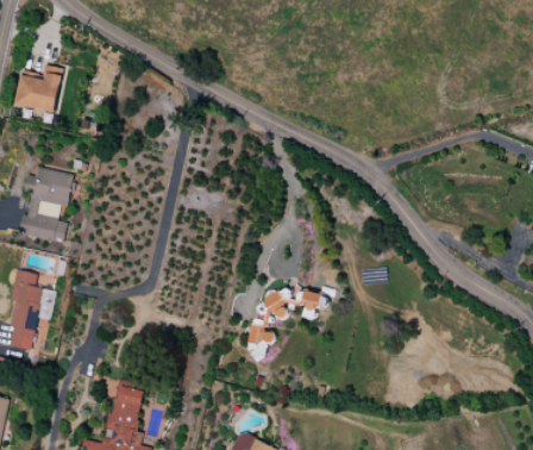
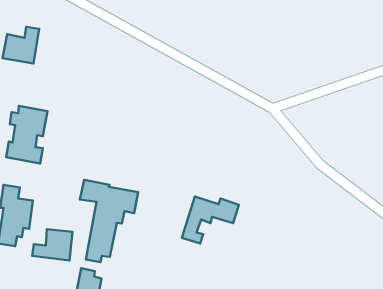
building: none -> [80,180,138,262]
building: none -> [32,229,73,261]

